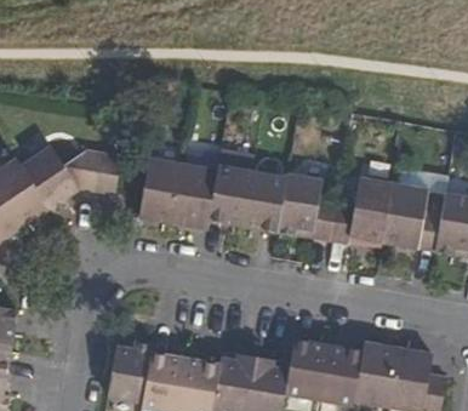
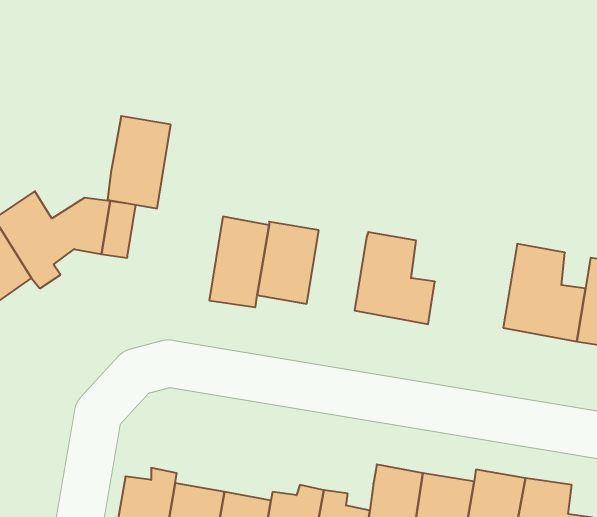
building: [139,156,184,222] -> [107,116,171,208]
building: [244,172,286,229] -> none
building: [330,176,393,242] -> none

